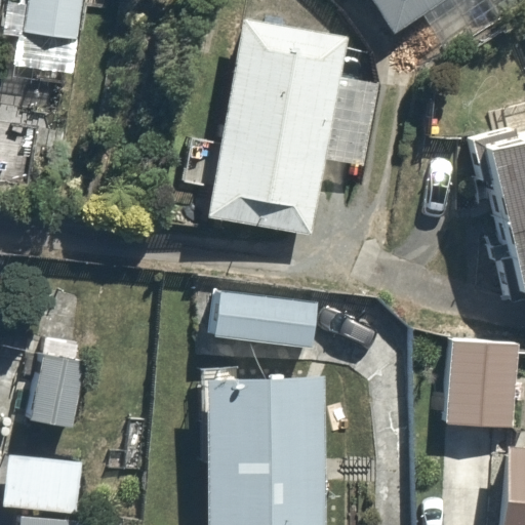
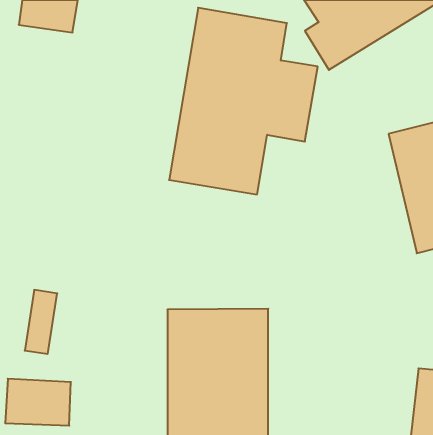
building: [215,285,332,355] -> none
building: [448,335,516,429] -> none

